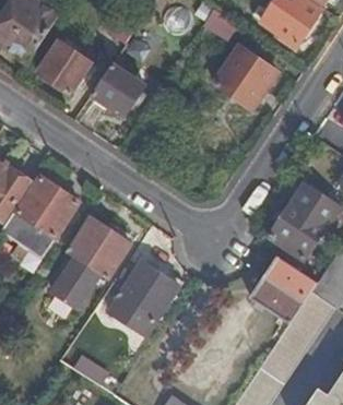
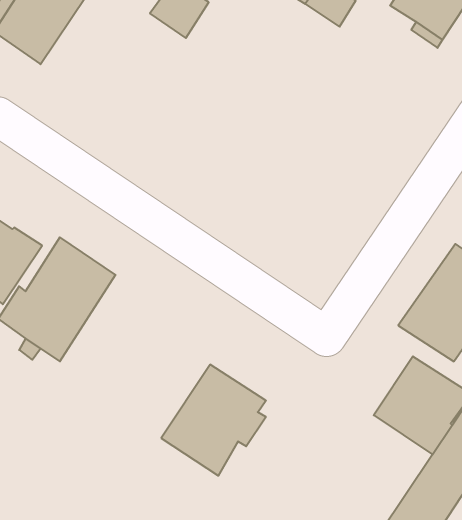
building: [37,41,91,94] -> none
building: [213,45,277,109] -> none
building: [90,62,144,117] -> none
building: [51,217,130,308] -> none

